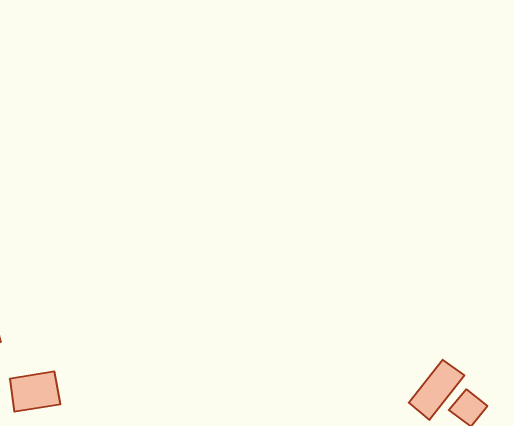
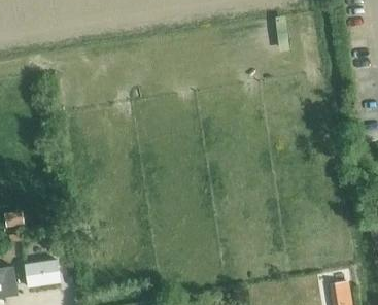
building: [409,360,464,420] -> none

